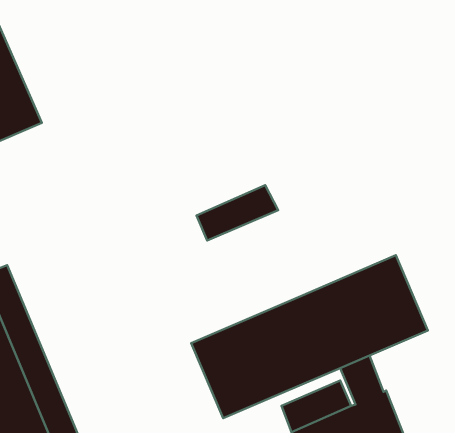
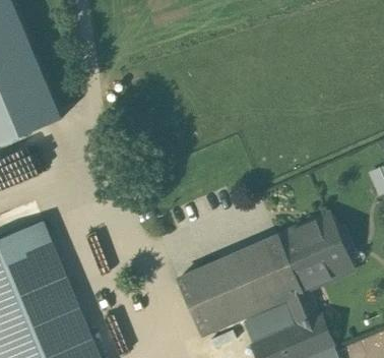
building: [196,185,278,241] -> none

